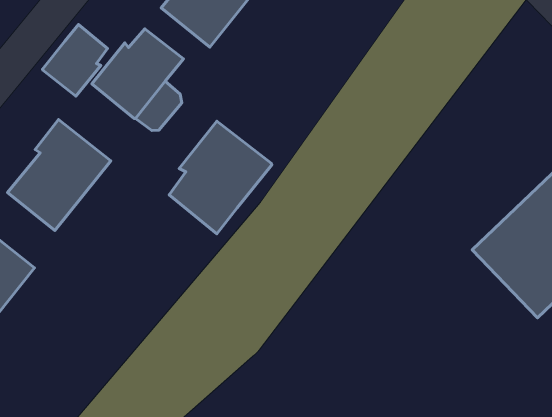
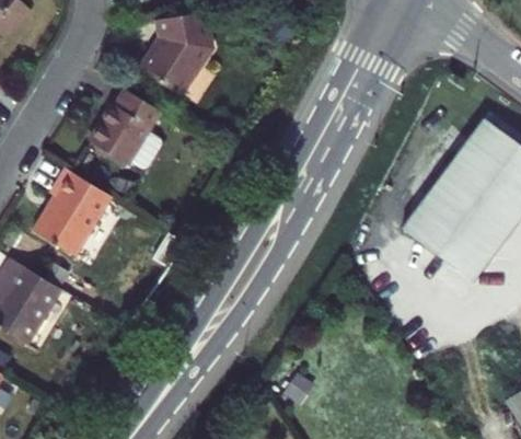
building: [42,24,108,96] -> none
building: [169,121,272,234] -> none

